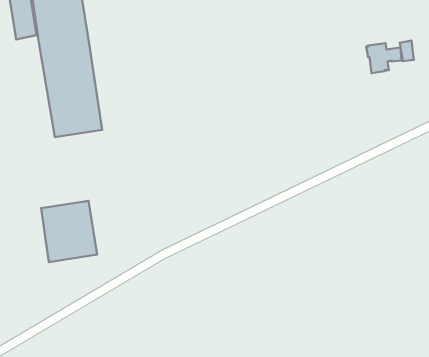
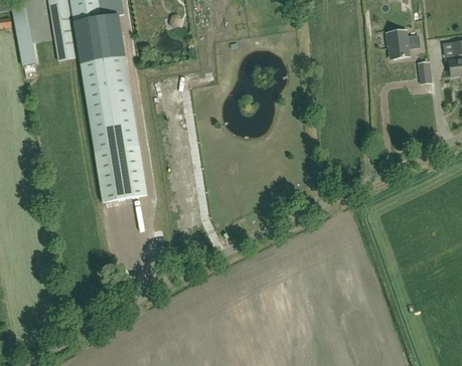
building: [366,43,402,73] -> [387,30,420,58]
building: [41,201,97,262] -> [95,145,147,202]

